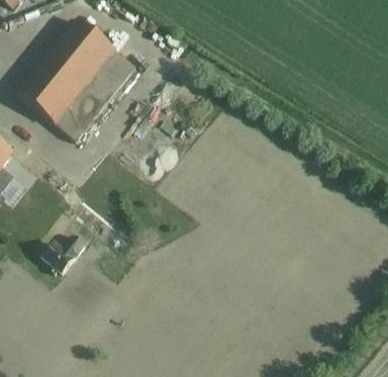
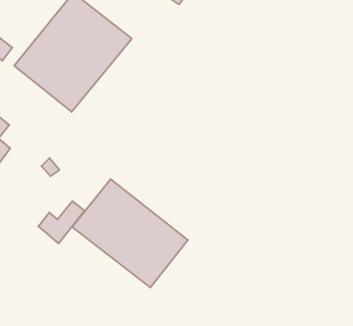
building: none -> [72,179,188,288]

